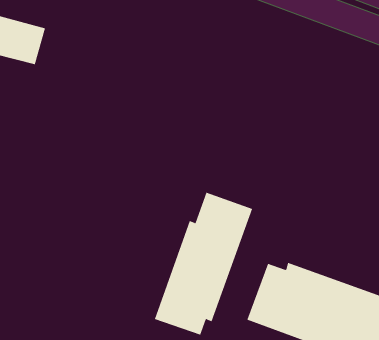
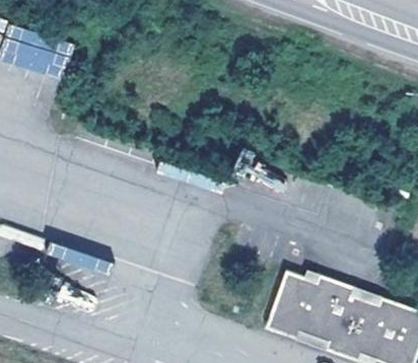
building: [154,192,253,336] -> none

